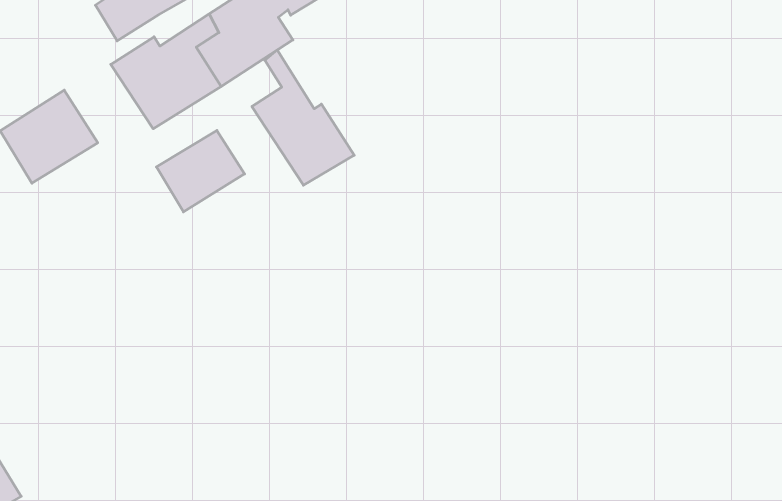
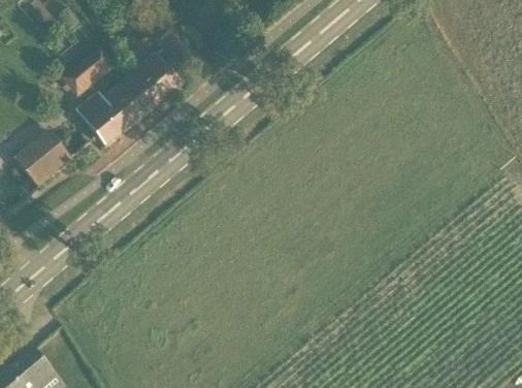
building: [252,50,354,185] -> none
building: [156,130,245,212] -> none

